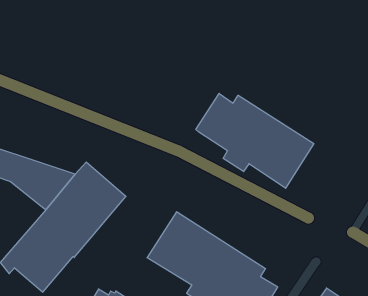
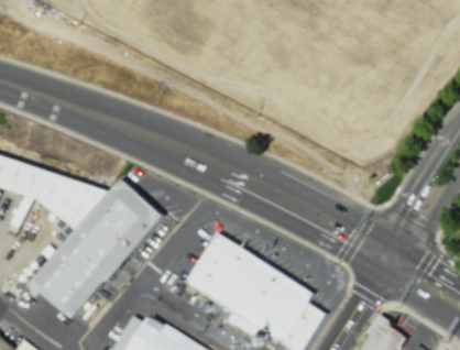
building: [196,93,314,188] -> none

